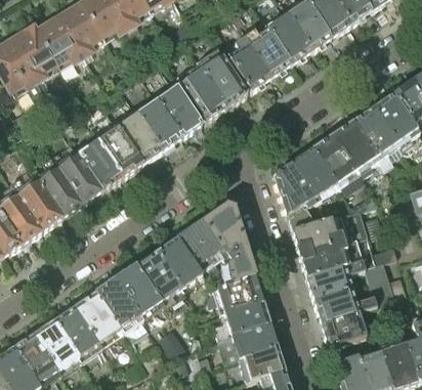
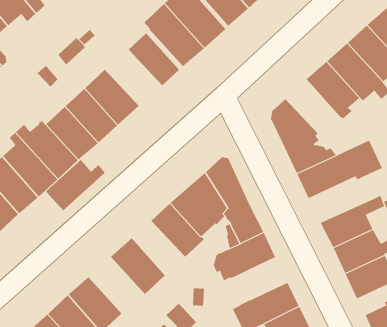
building: [137,97,185,148] -> none
building: [292,146,337,196] -> none
building: none -> [45,159,105,211]
building: [299,237,364,274] -> none
building: [139,251,183,301] -> none
building: [96,277,143,330] -> none
building: [213,299,270,339] -> none

